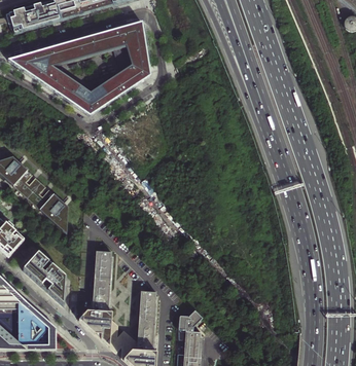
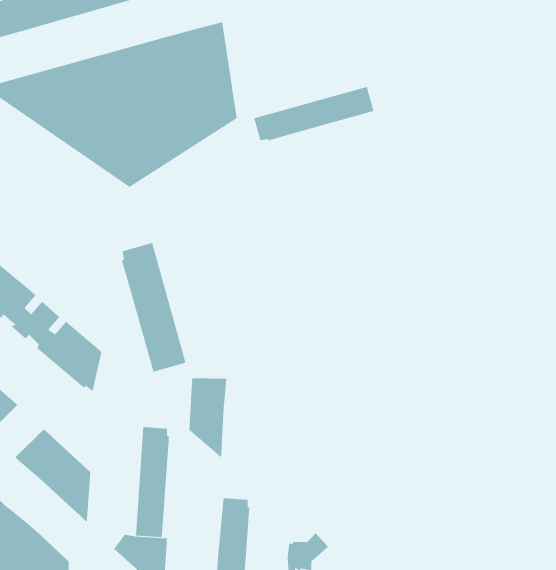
building: none -> [253,86,374,141]
building: none -> [121,242,186,372]
building: none -> [189,377,227,459]

